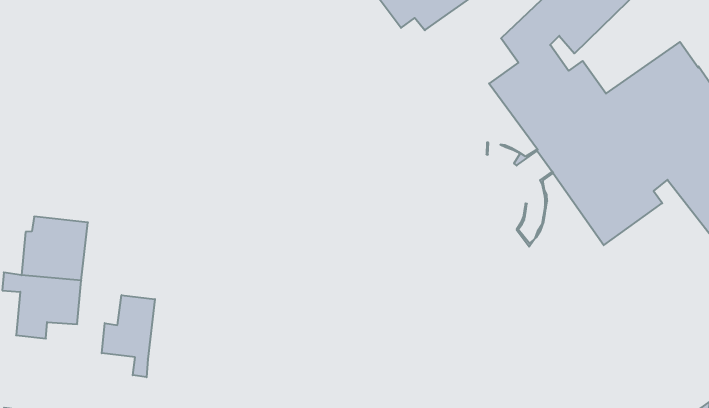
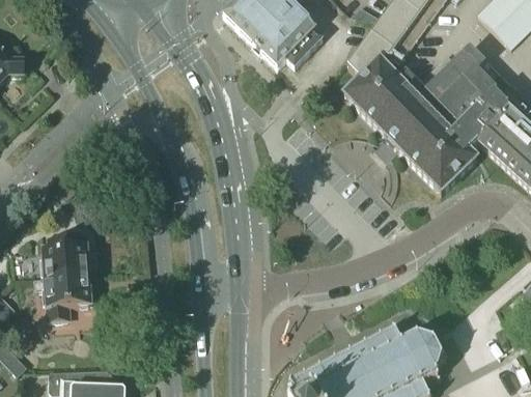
building: [102,295,155,377] -> none

